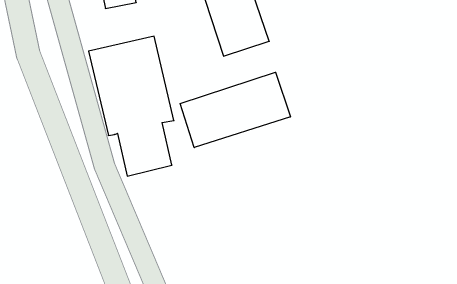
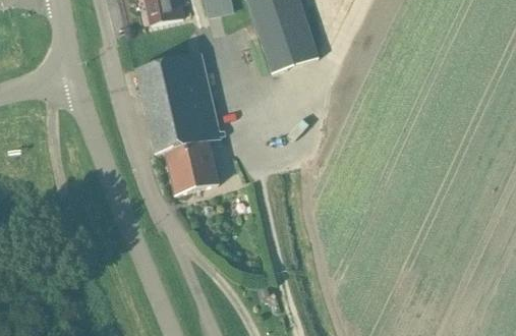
building: [180,72,290,148] -> none

